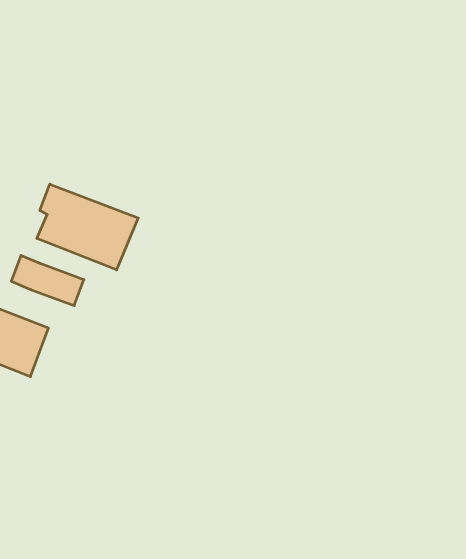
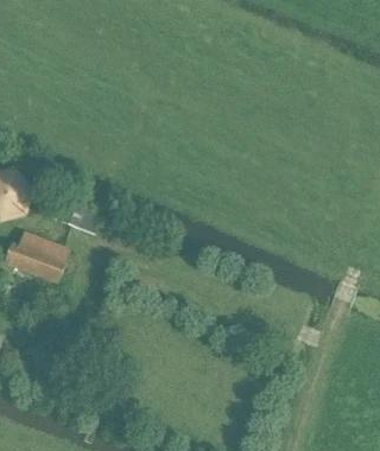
building: [37,184,138,270] -> none

